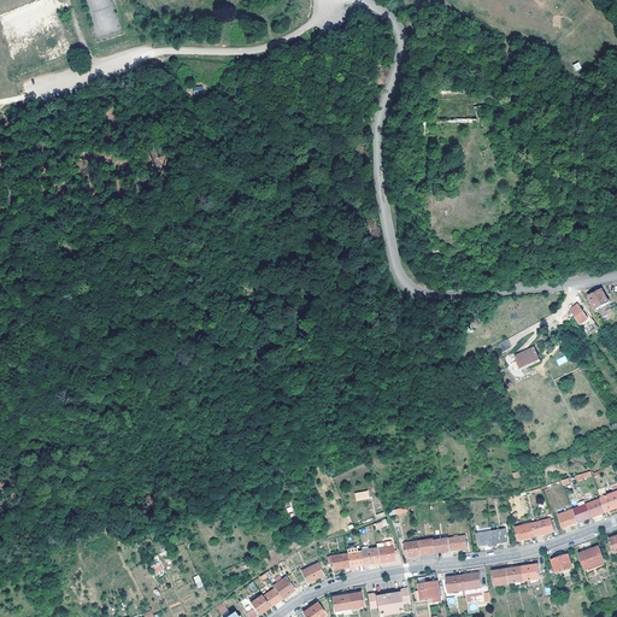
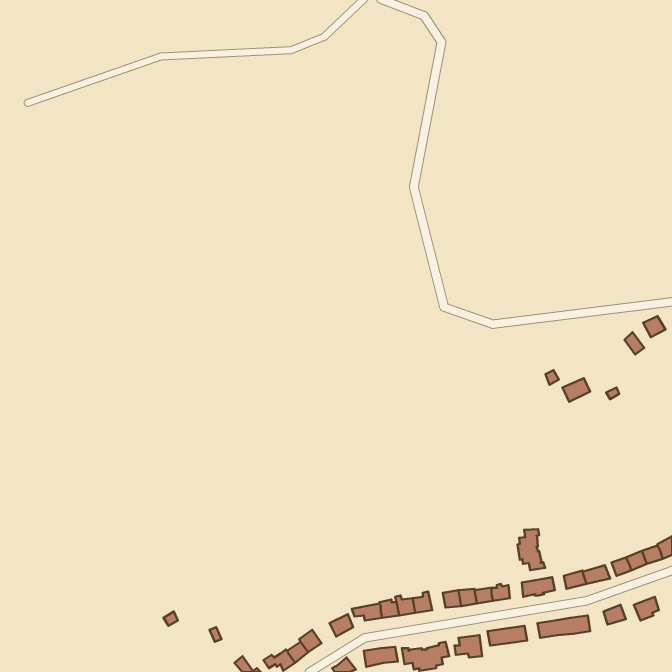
building: none -> [517,529,545,570]

